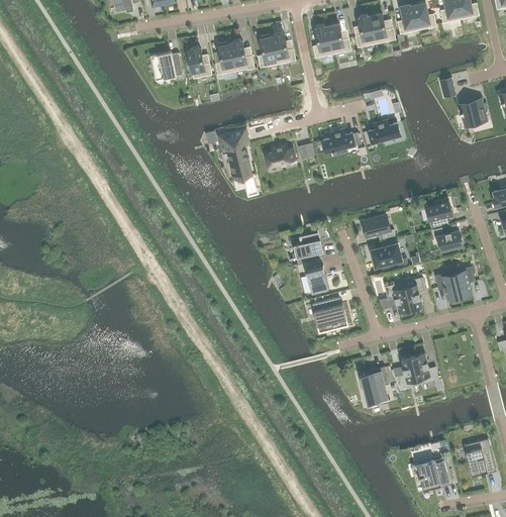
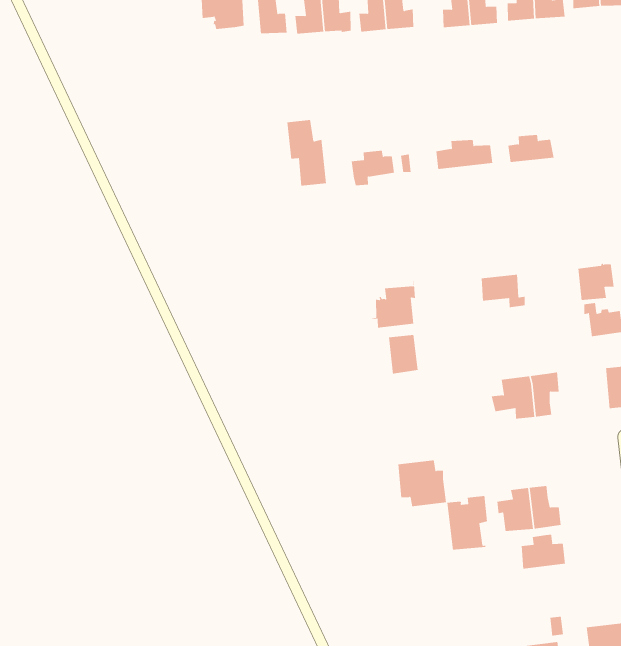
building: [371,243,407,270] -> none
building: [434,270,459,300] -> none
building: [311,297,347,330] -> [398,460,447,507]
building: none -> [521,534,565,569]

